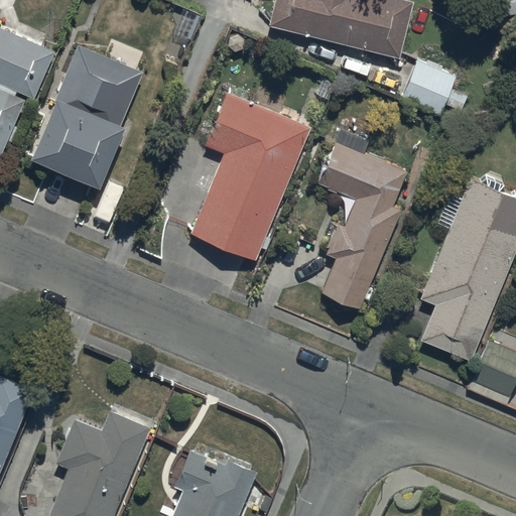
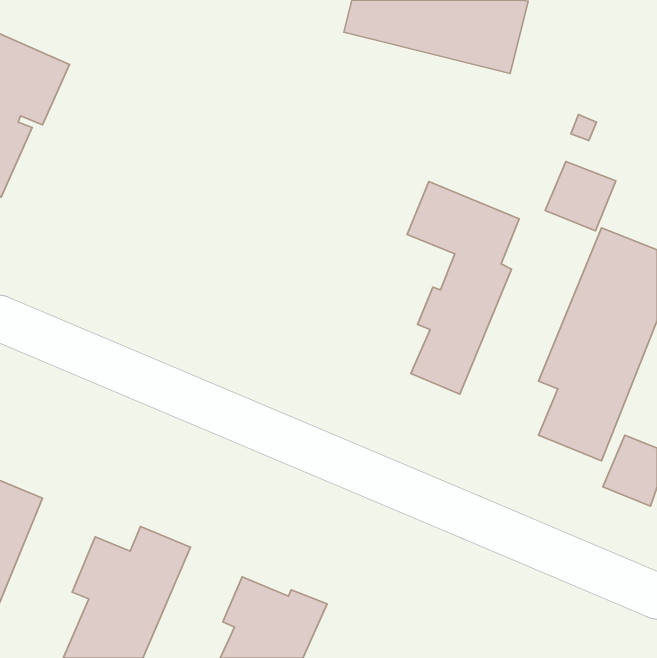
building: [30,44,142,185] -> none
building: [400,60,456,115] -> [545,161,616,231]
building: [190,93,310,260] -> none

